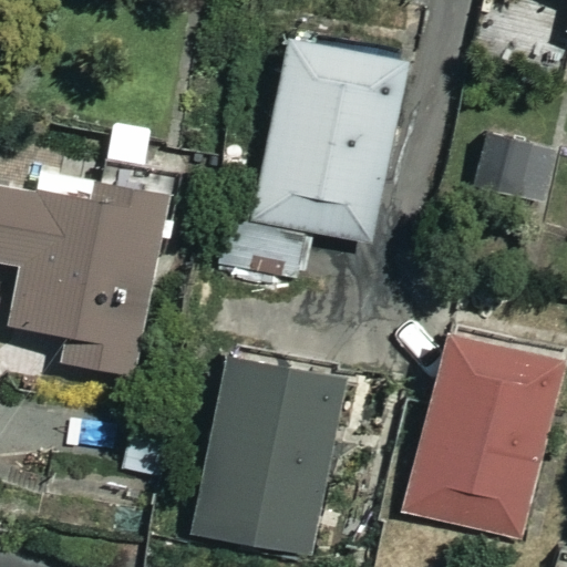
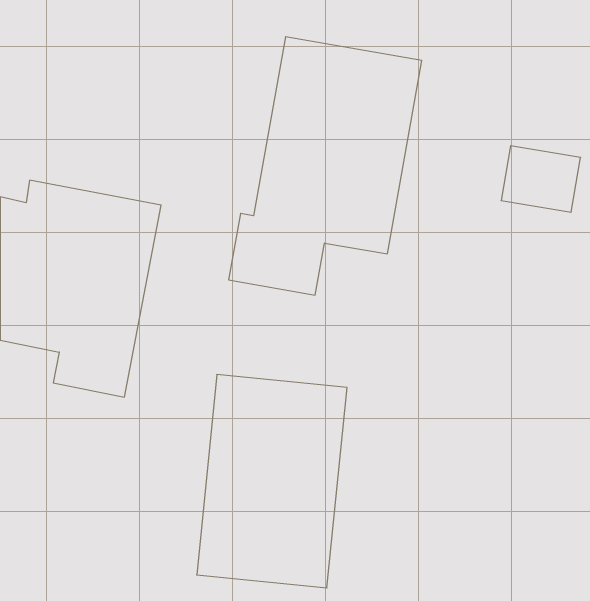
building: [404,330,561,539] -> none

